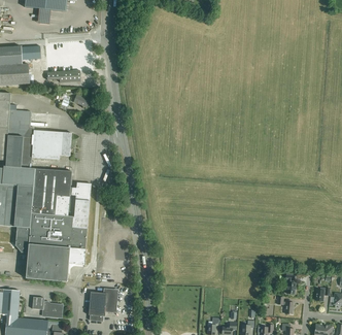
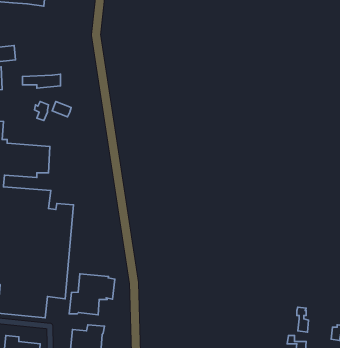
building: none -> [69,274,115,315]

